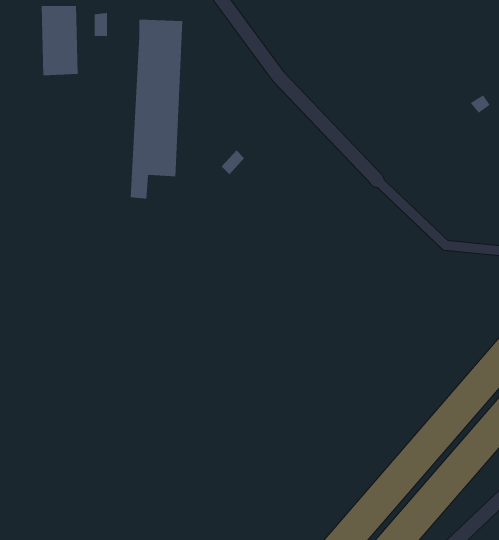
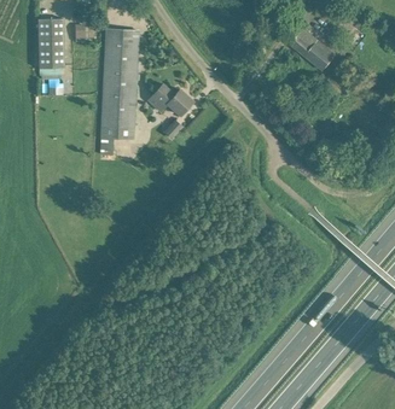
building: none -> [289,27,336,69]
building: none -> [147,83,193,115]

